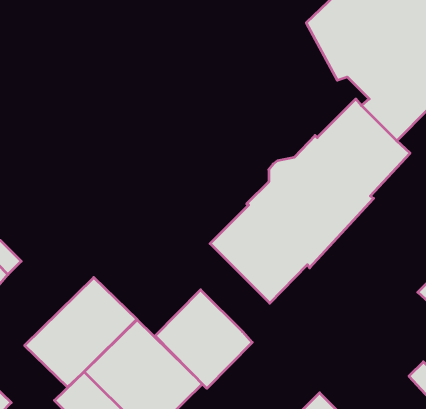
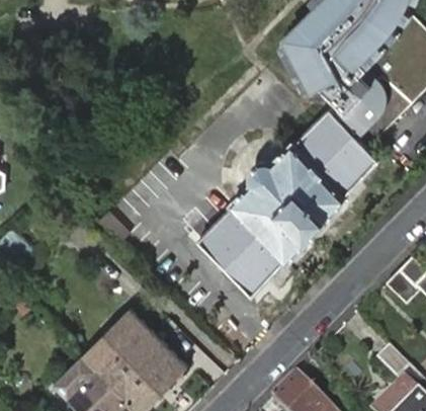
building: [25,277,137,387] -> none
building: [155,290,252,388] -> none

